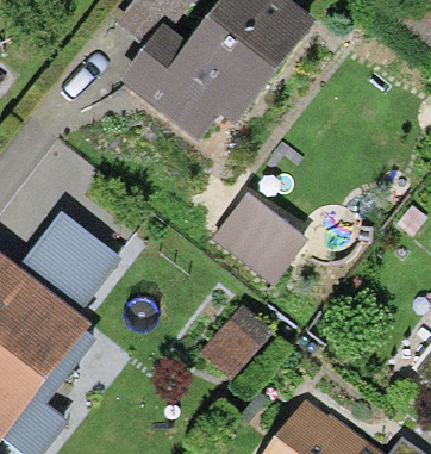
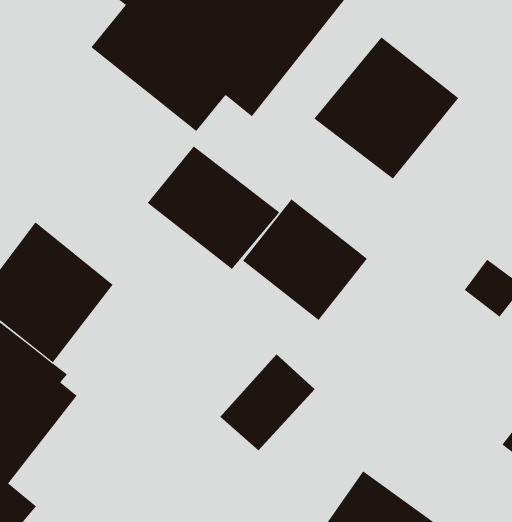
building: none -> [314,37,459,180]
building: none -> [147,146,280,270]

